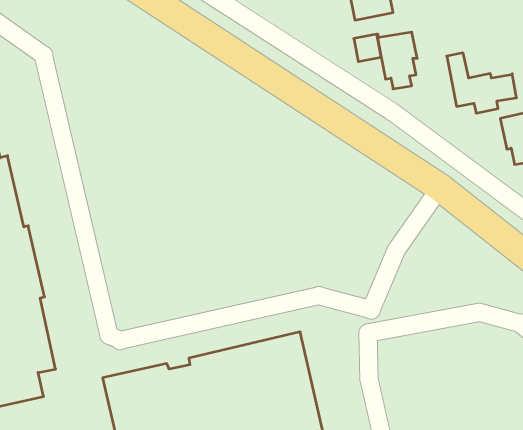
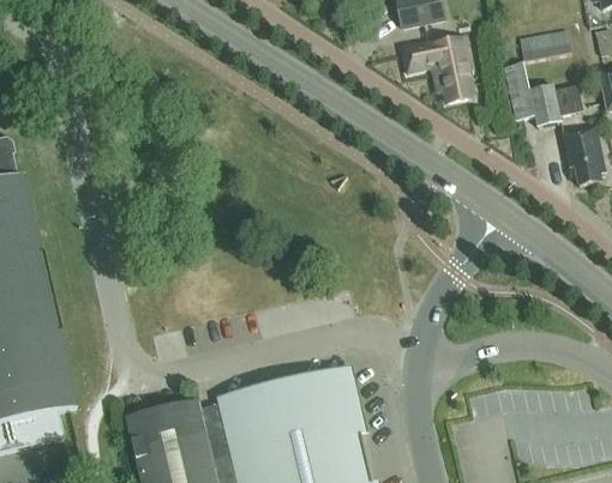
building: none -> [518,29,570,60]

